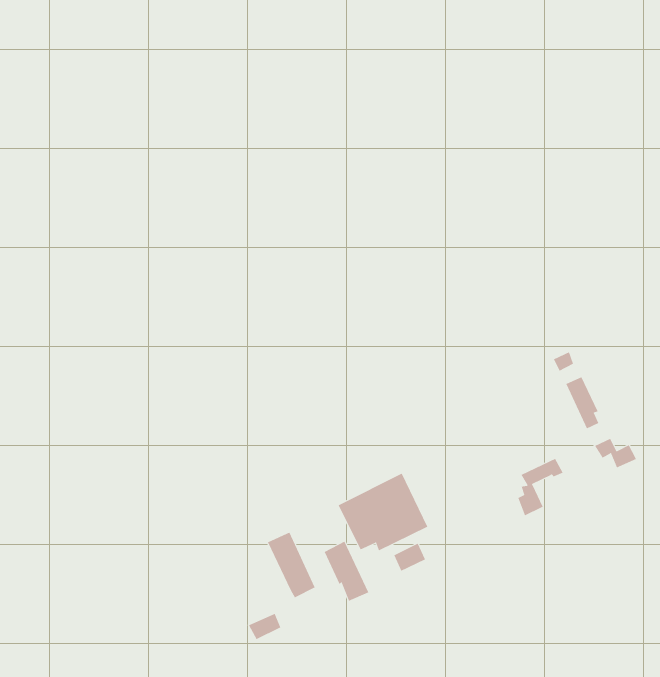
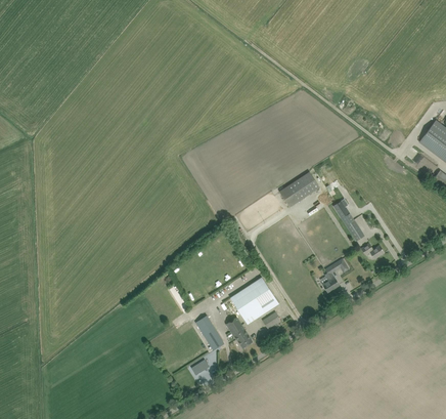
building: none -> [279,173,319,208]

